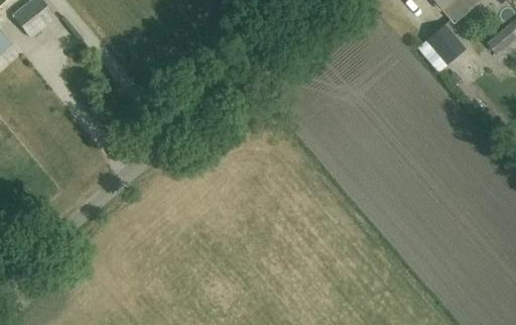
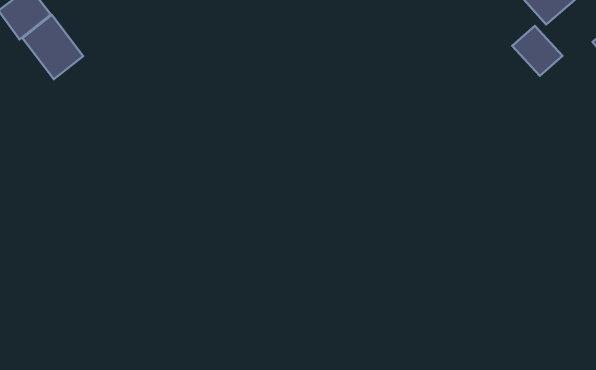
building: none -> [22,15,83,79]

